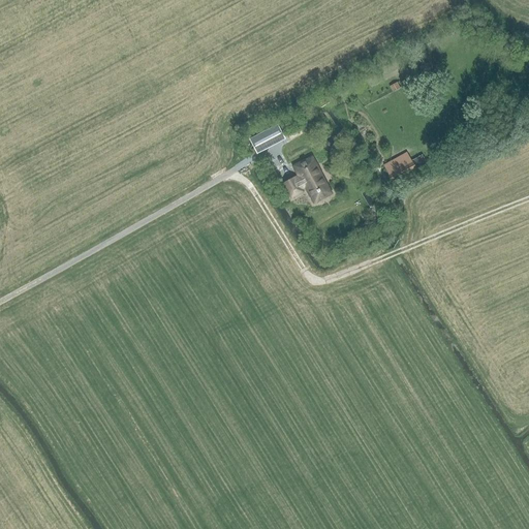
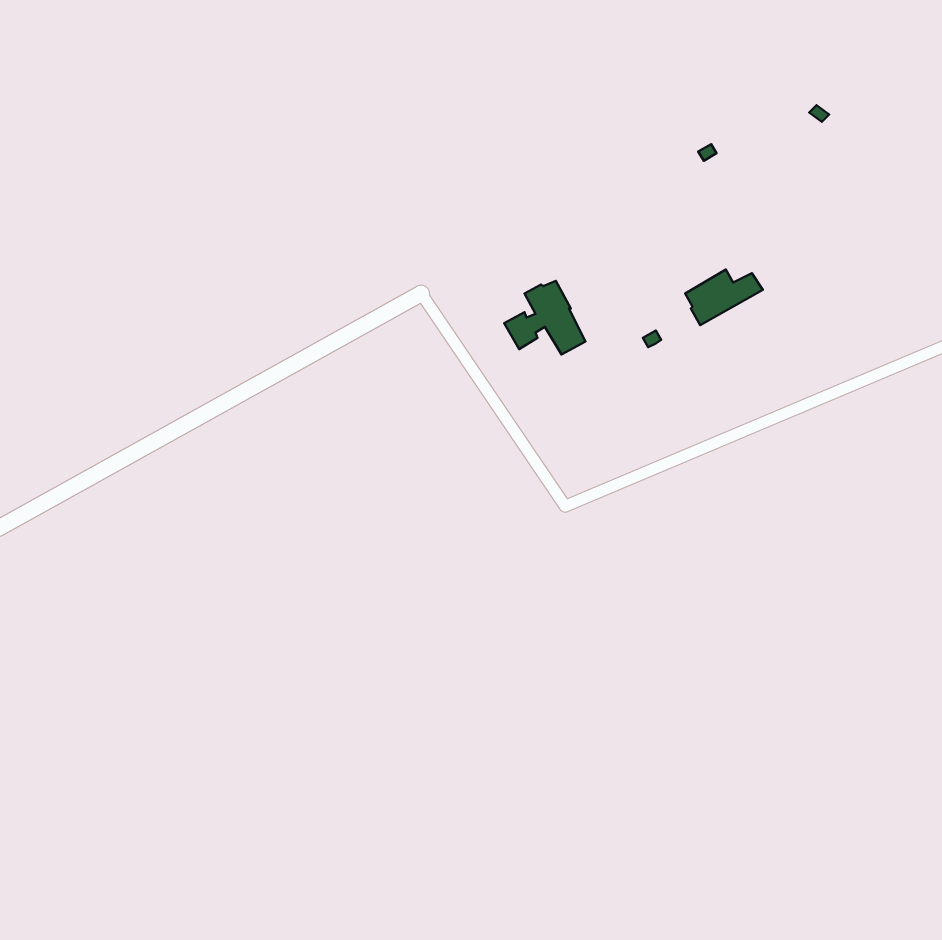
building: [251,123,287,153] -> none

